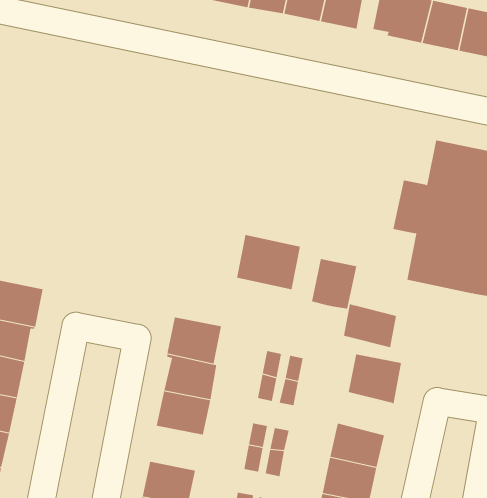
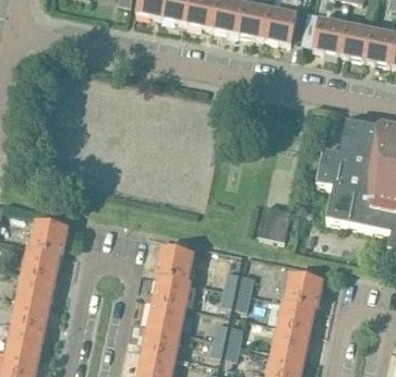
building: [237,234,301,290] -> none
building: [343,303,397,348] -> [277,299,315,330]
building: none -> [144,324,182,355]

